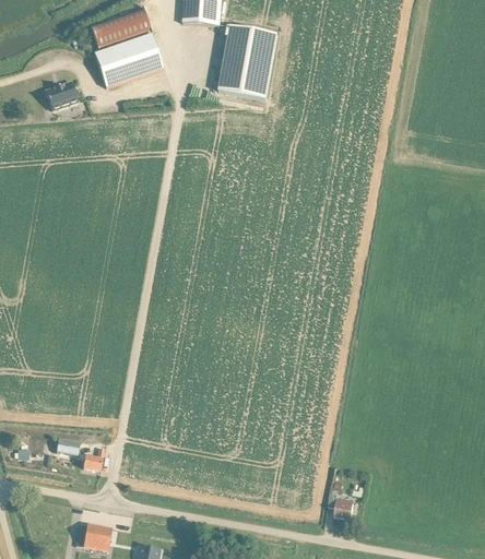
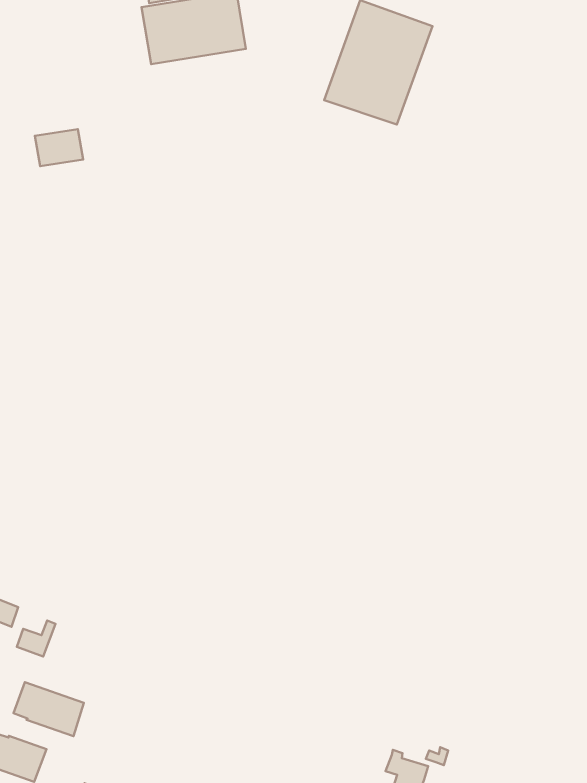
building: [46,81,79,108] -> [35,129,83,166]
building: none -> [13,682,84,736]

